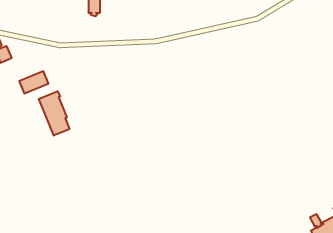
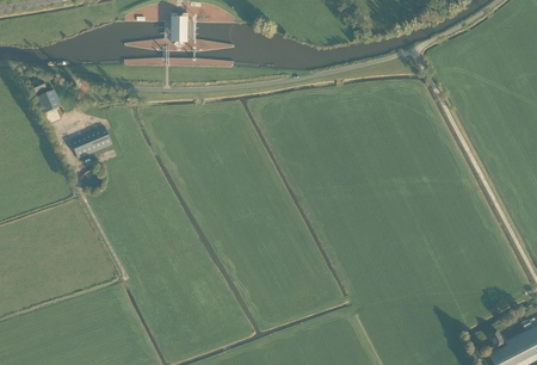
building: [39,91,69,136] -> none

